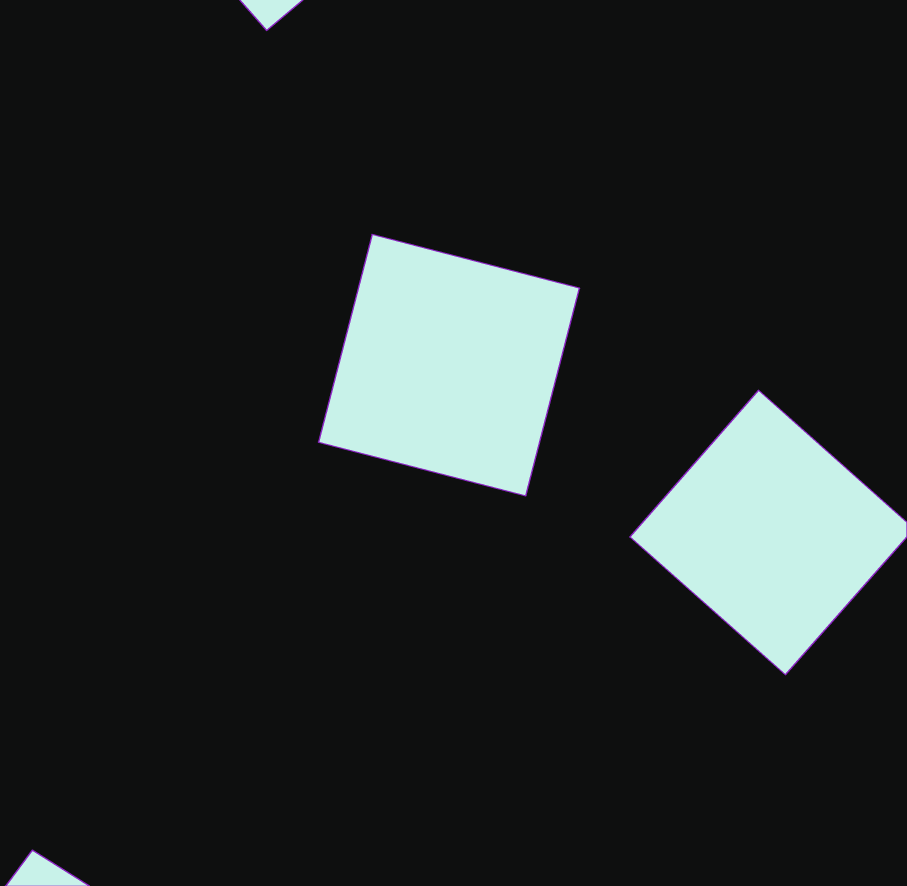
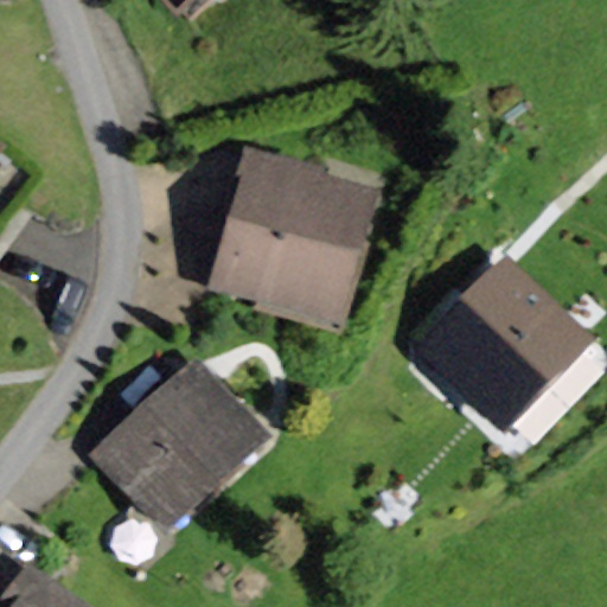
building: none -> [85,357,266,535]

